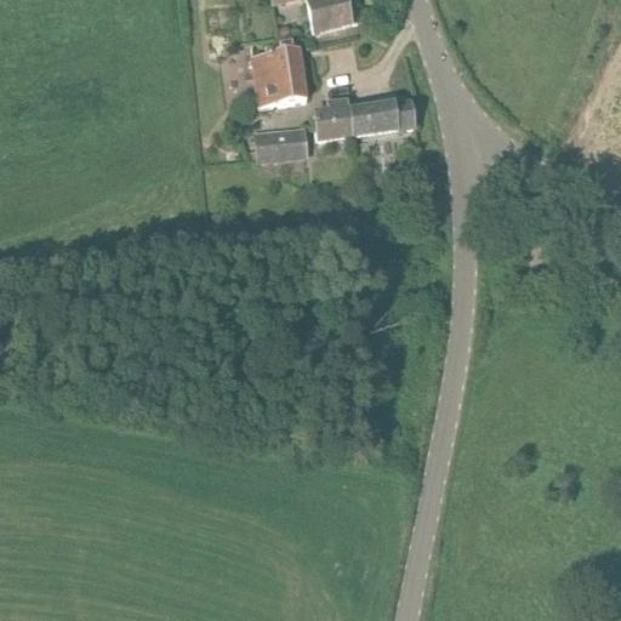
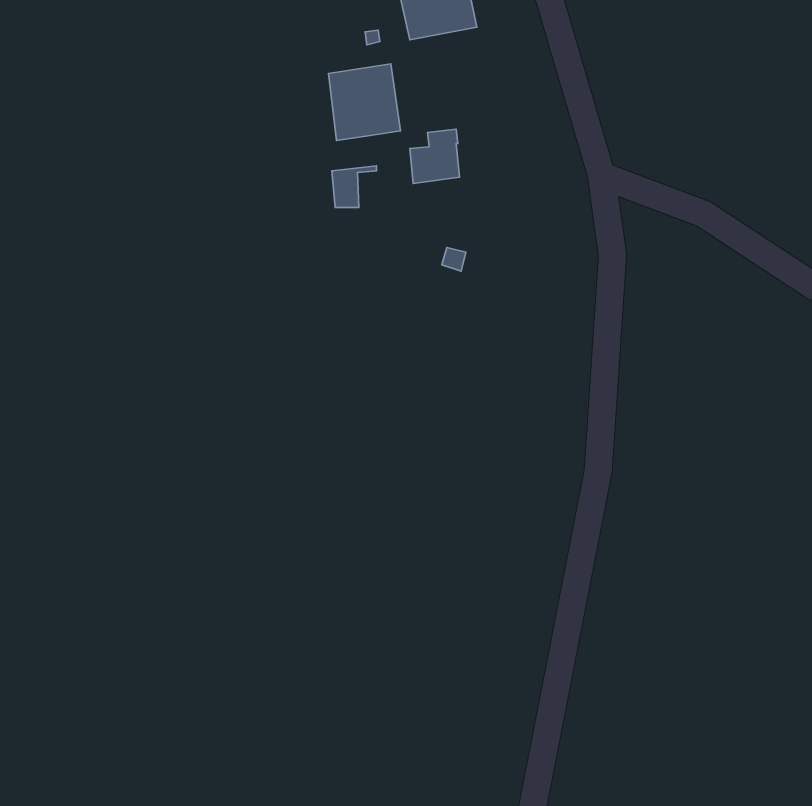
building: [349,102,416,135] -> none
building: [257,125,308,161] -> none

